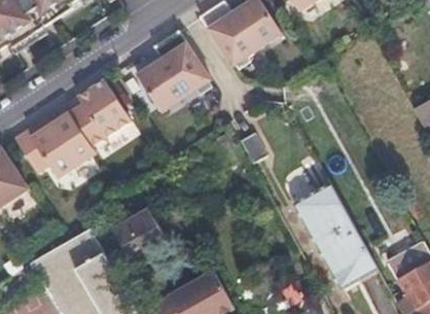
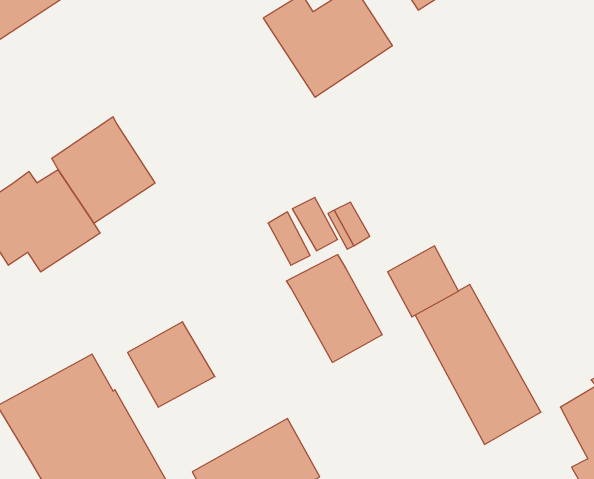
building: [136,30,210,112] -> none
building: none -> [286,255,382,362]

